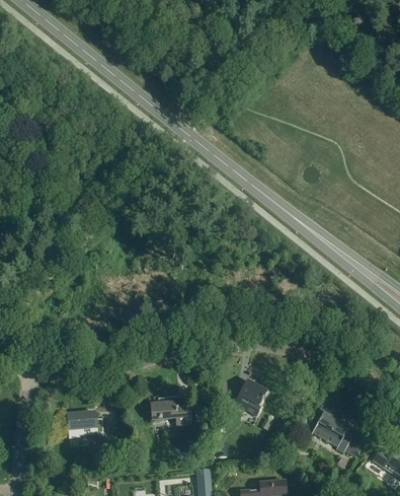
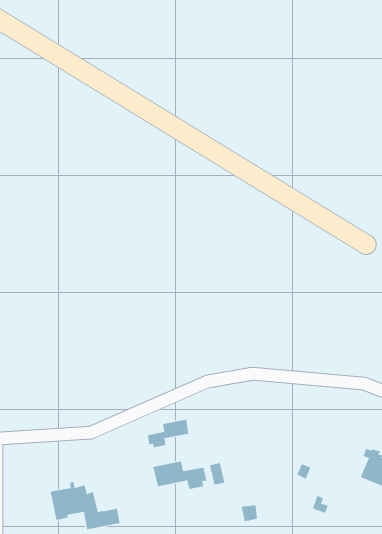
building: none -> [147,419,189,448]
building: [234,379,266,415] -> none

